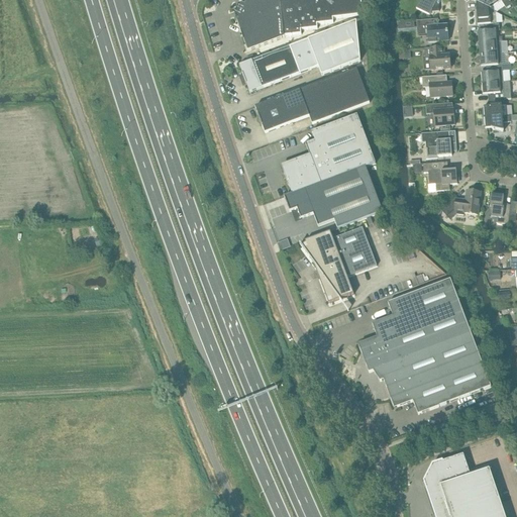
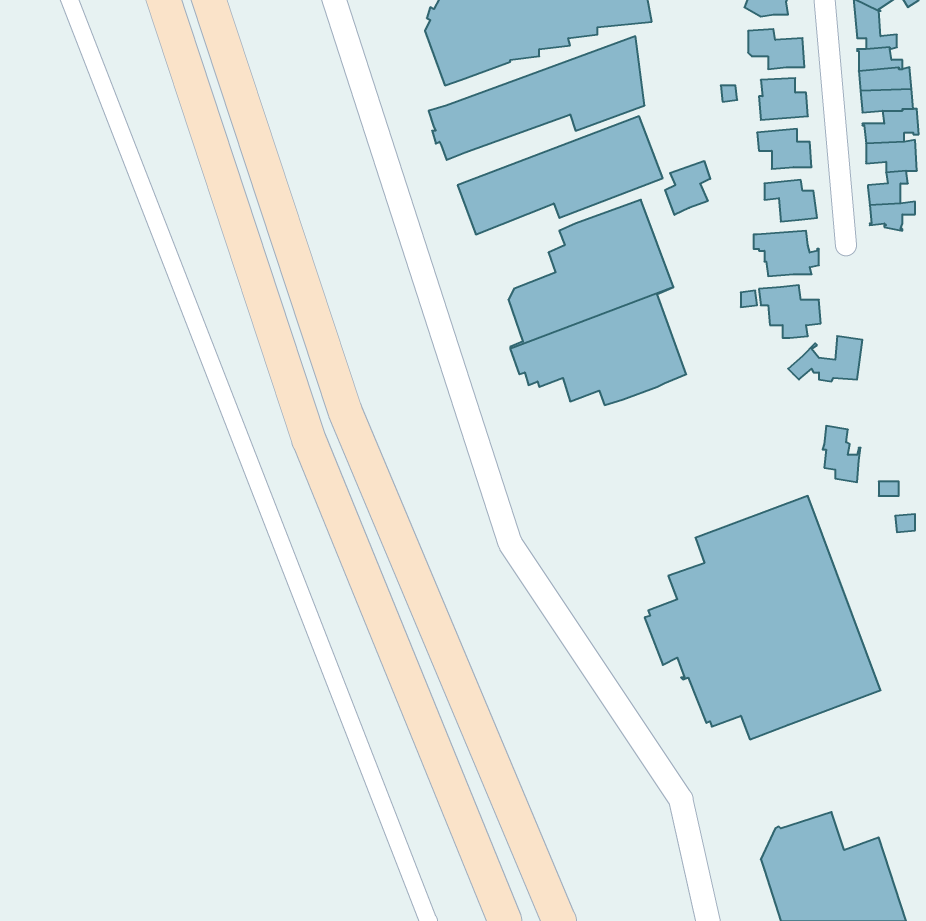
building: none -> [665,161,710,215]
building: [489,190,510,221] -> [823,426,861,482]
building: [299,224,376,299] -> none

